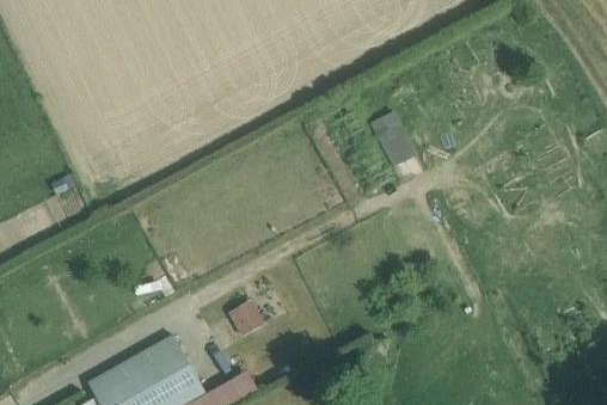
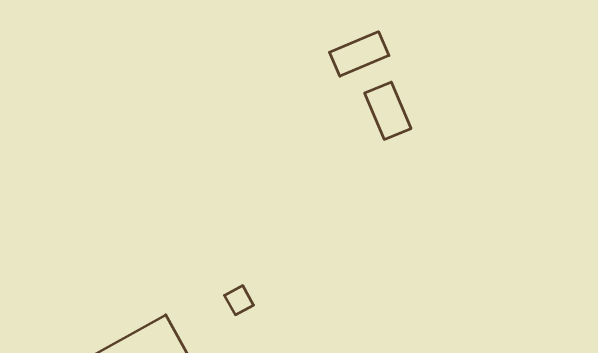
building: none -> [329,32,389,76]

